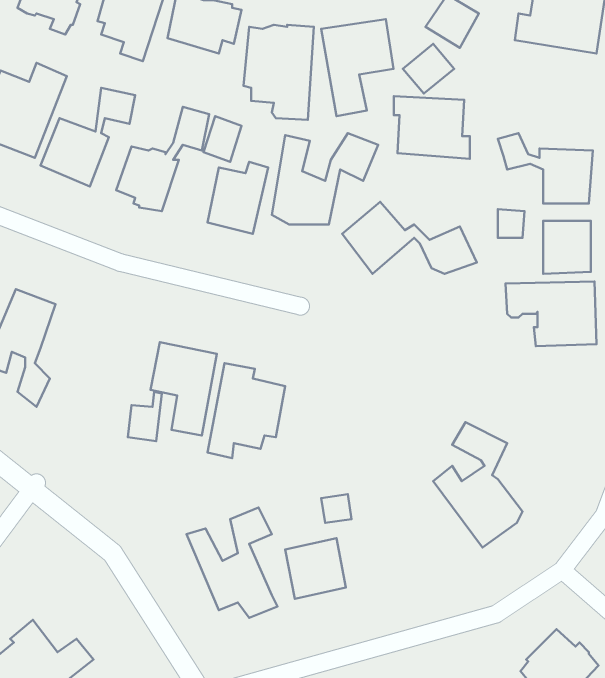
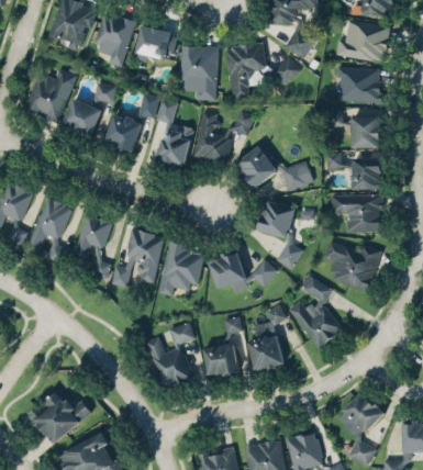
building: [394,96,470,159] -> [337,67,381,103]
building: none -> [259,201,300,267]
building: none -> [73,214,112,279]
building: none -> [324,239,382,292]
building: none -> [209,255,279,294]
building: none -> [248,304,288,372]

